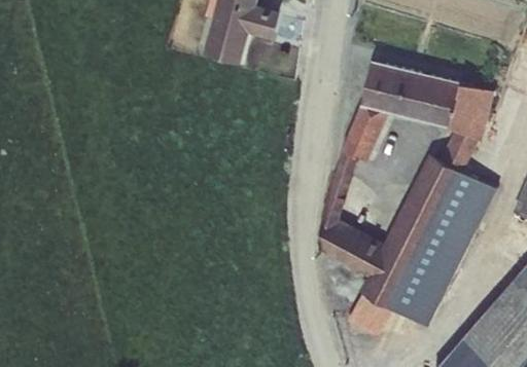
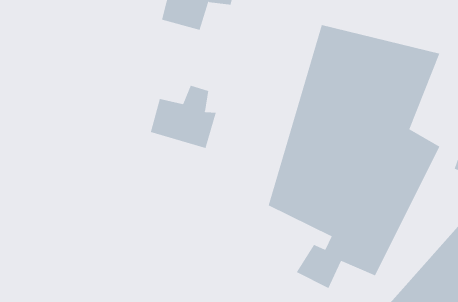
building: none -> [150,85,217,149]

